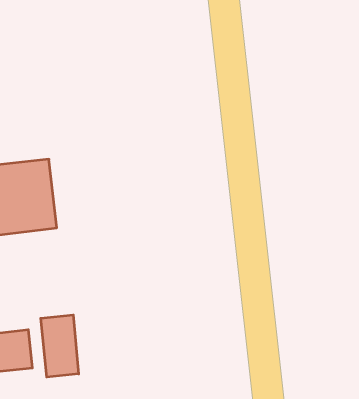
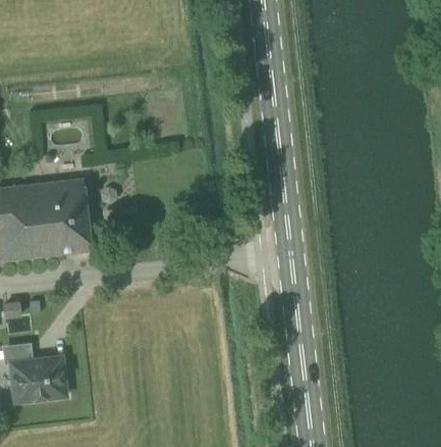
building: [41,315,79,377] -> none

